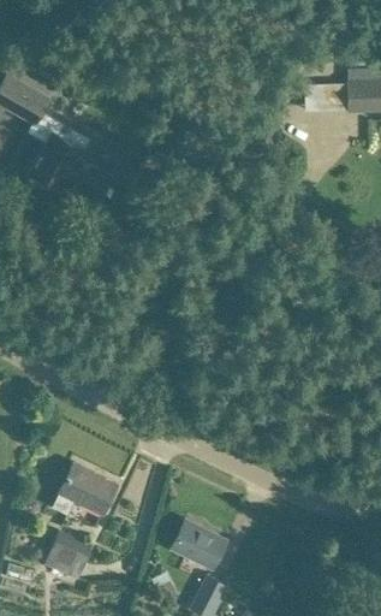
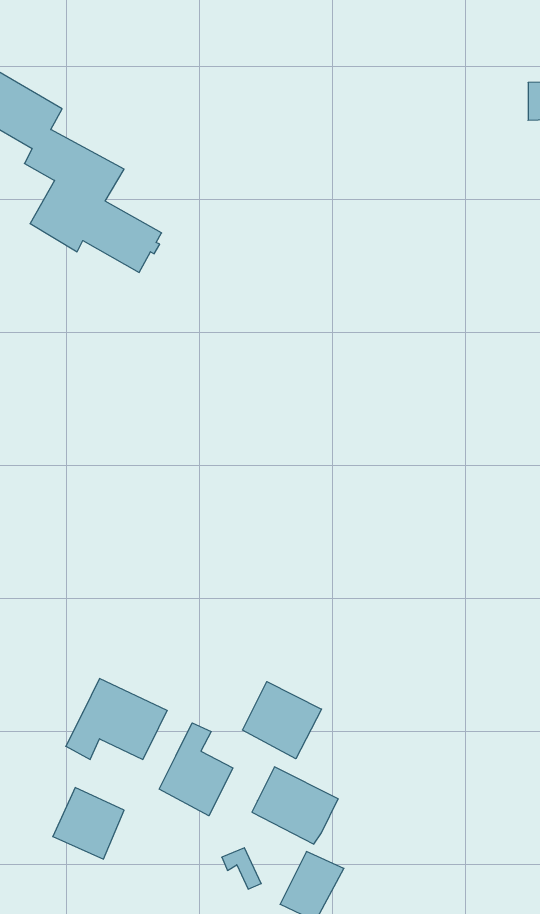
building: none -> [242,682,322,759]
building: none -> [159,723,233,816]

